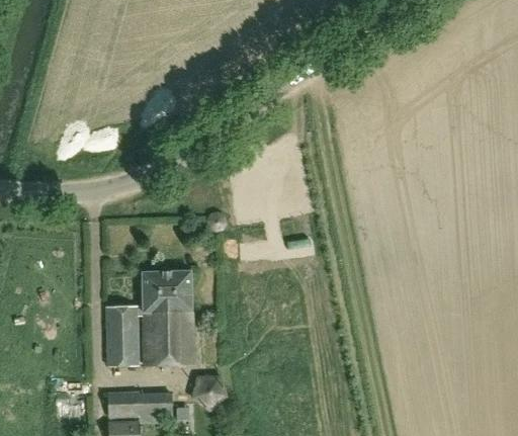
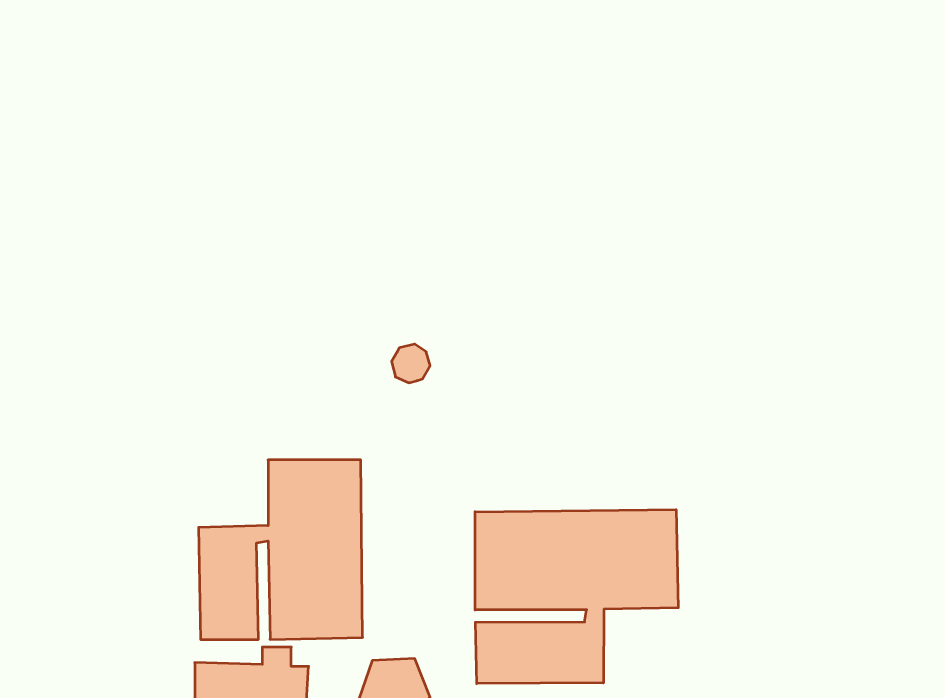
building: none -> [475,510,678,684]

